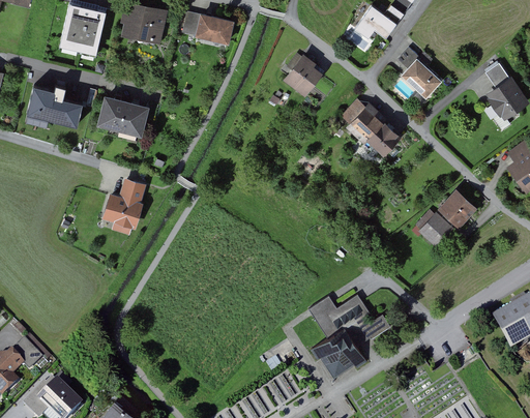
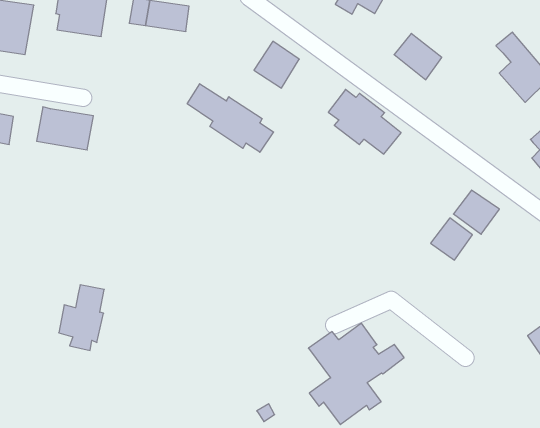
building: none -> [187,84,274,152]
building: [104,178,144,233] -> [59,285,104,350]

